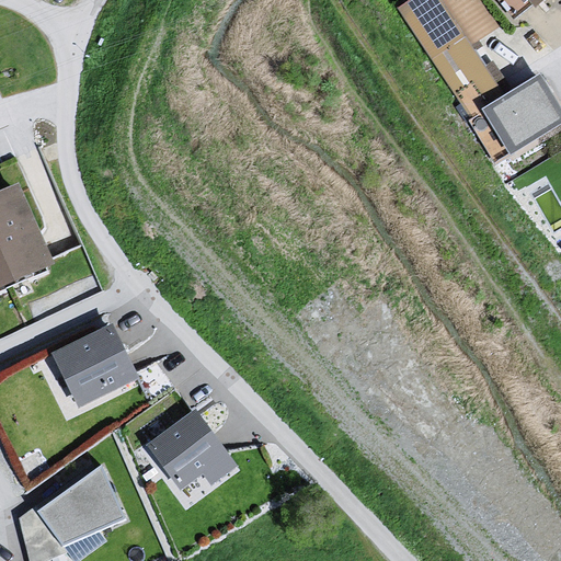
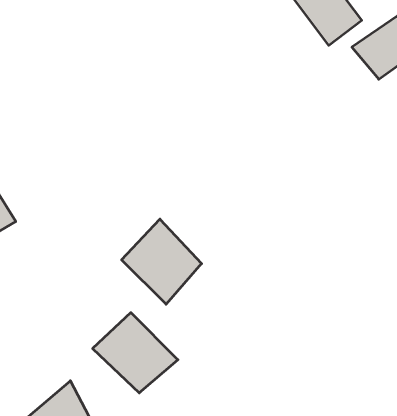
building: none -> [122,219,202,304]
building: [42,320,128,396] -> none

